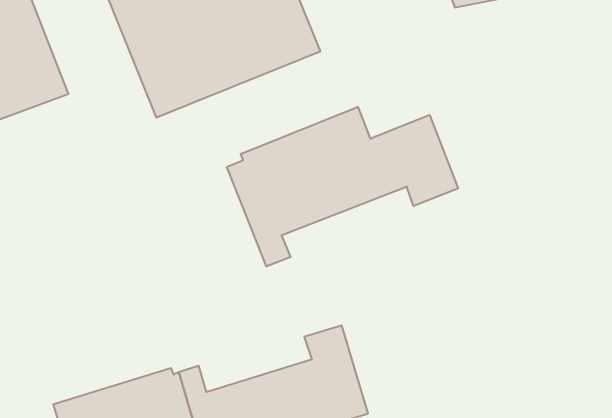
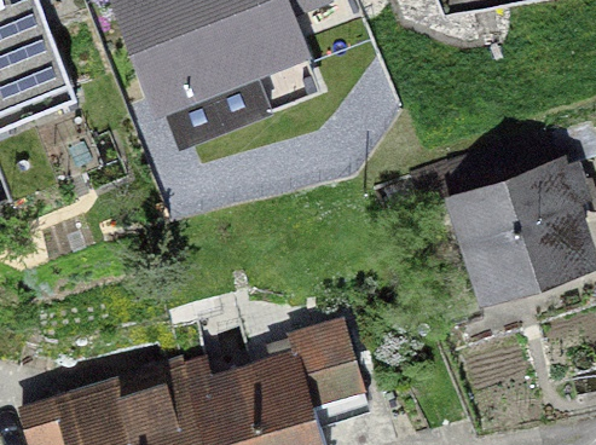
building: [227,107,458,266] -> none
building: none -> [442,134,579,294]

